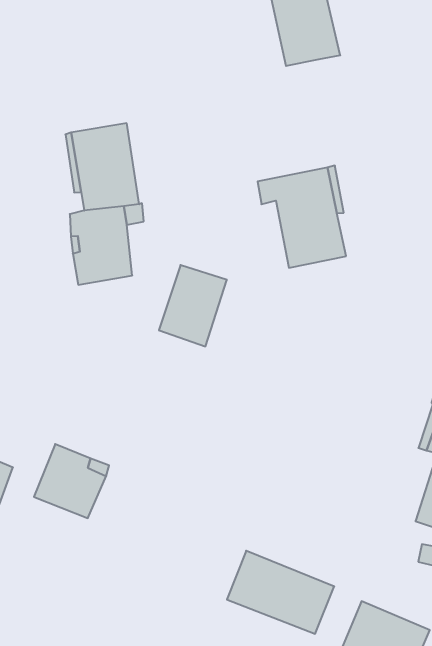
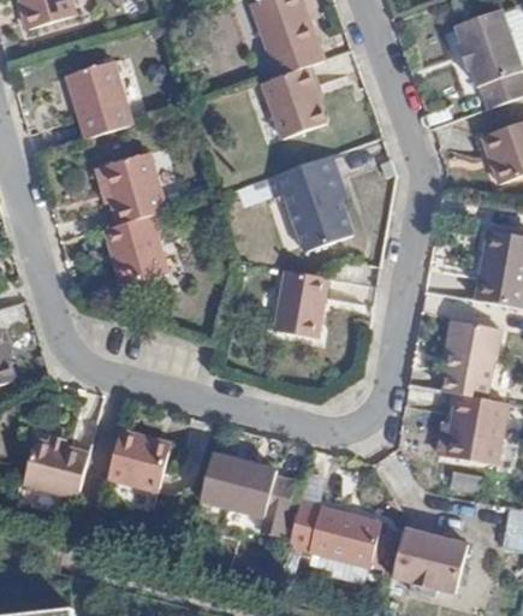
building: none -> [66,64,131,140]
building: none -> [261,65,323,136]
building: [159,265,227,346] -> [277,271,329,338]
building: none -> [202,452,295,516]

